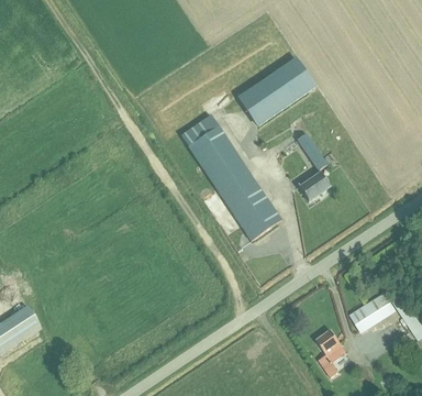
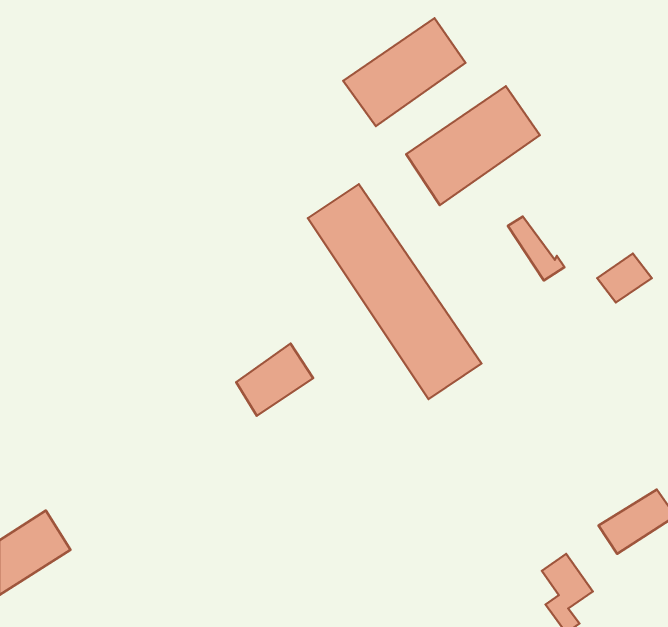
building: none -> [343,18,466,126]
building: [298,172,330,200] -> [597,254,652,303]
building: none -> [236,343,313,416]

